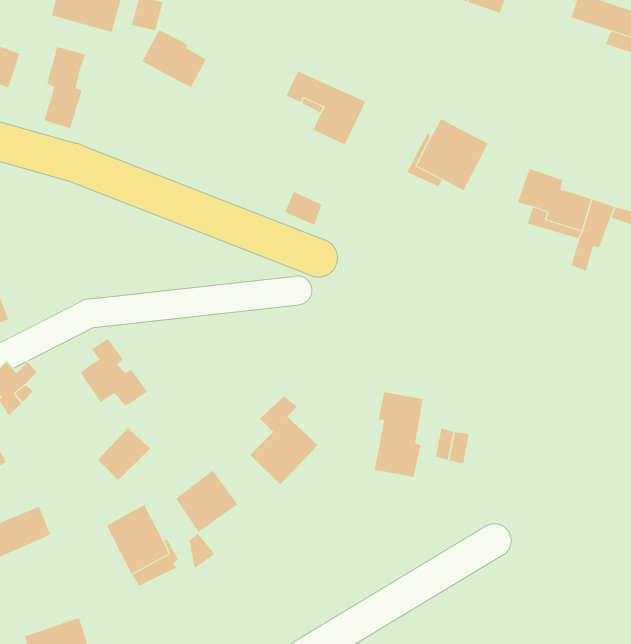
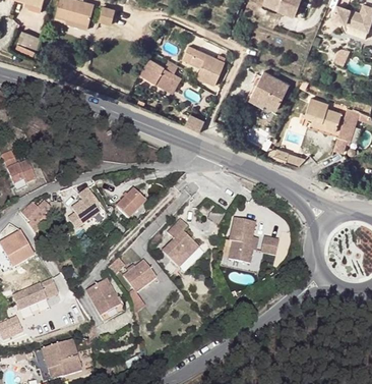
building: [141,29,206,88] -> [140,58,175,90]
building: [44,46,86,129] -> none
building: [97,427,151,481] -> [117,188,145,217]

